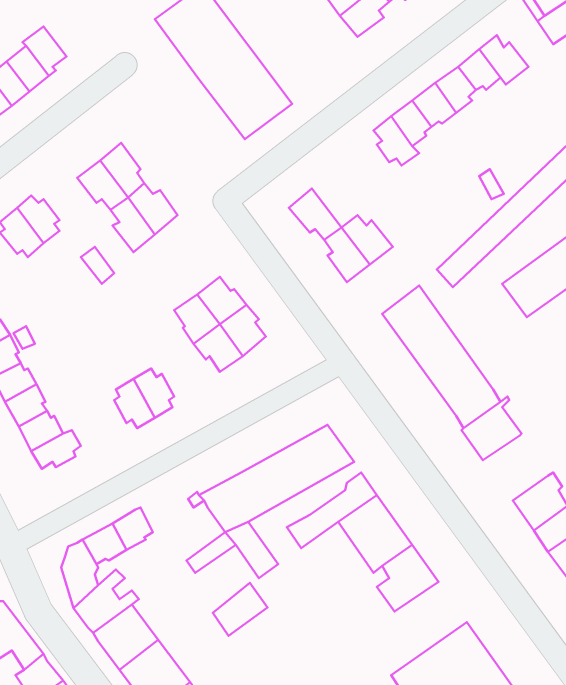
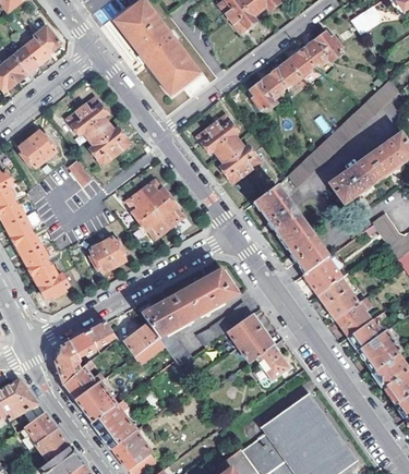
building: none -> [212,114,240,149]
building: none -> [317,278,358,318]
building: [213,583,267,636] -> [124,323,158,355]

